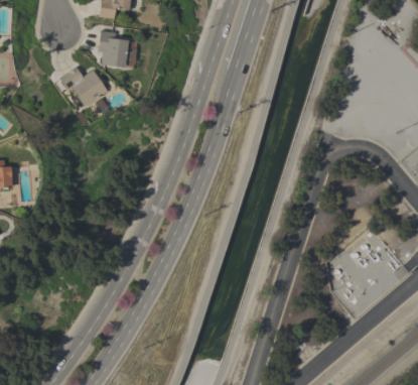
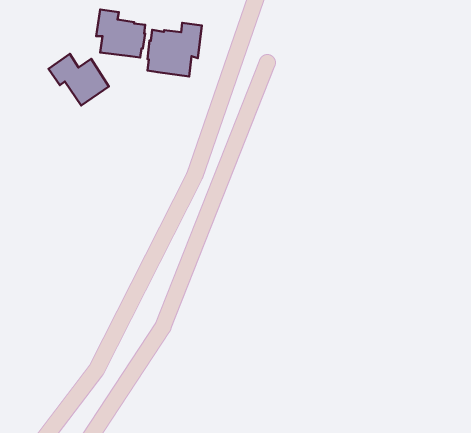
building: none -> [147,23,202,77]

